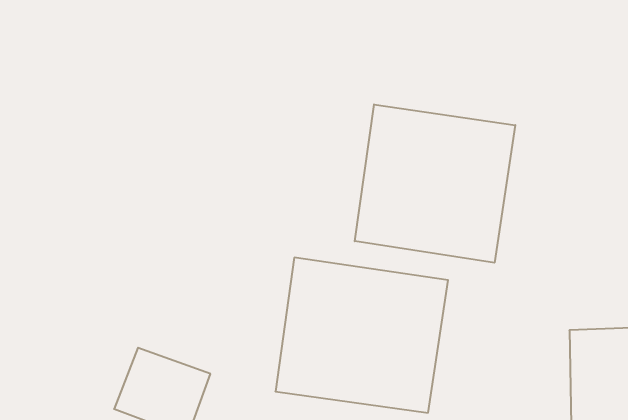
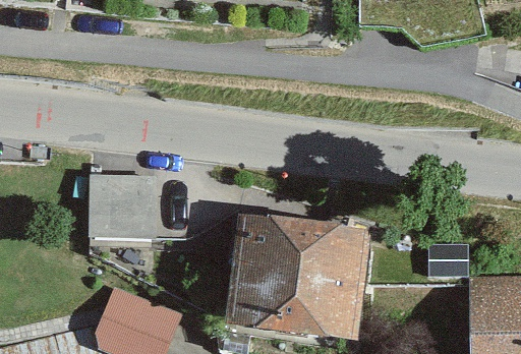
building: [355,104,515,263] -> none
building: none -> [88,175,157,236]

